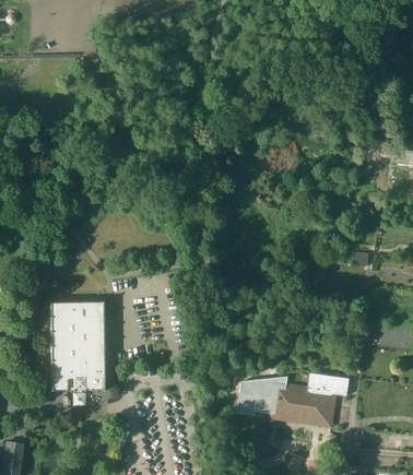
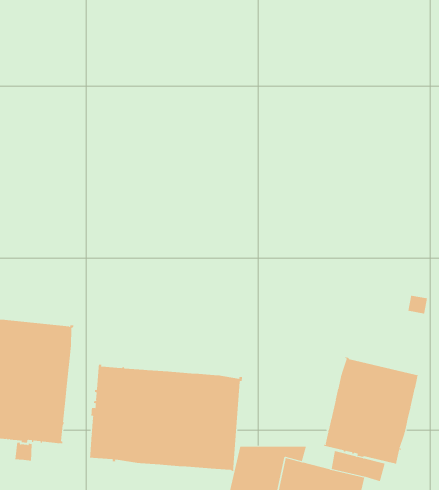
building: none -> [323,356,420,464]
building: none -> [89,364,242,473]

